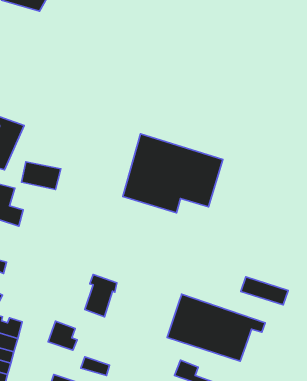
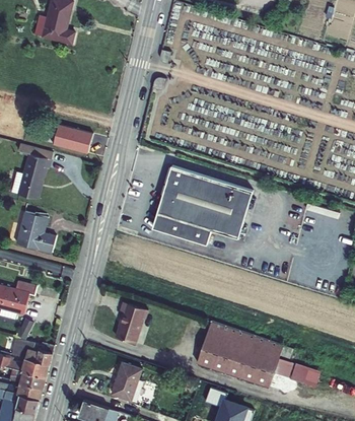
building: [22,162,61,189] -> [53,127,91,154]
building: [241,277,288,305] -> [273,359,320,387]
building: [48,321,77,350] -> [115,363,143,392]

